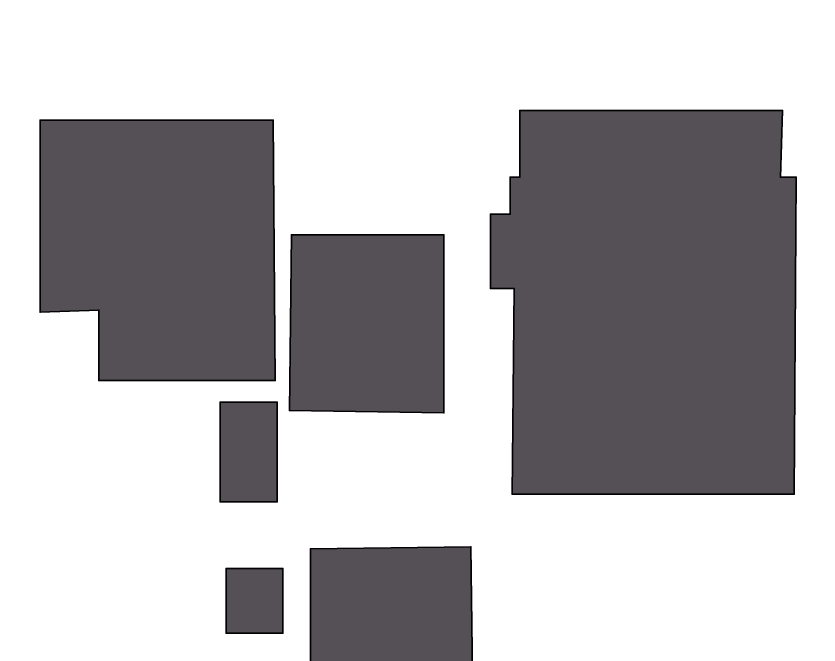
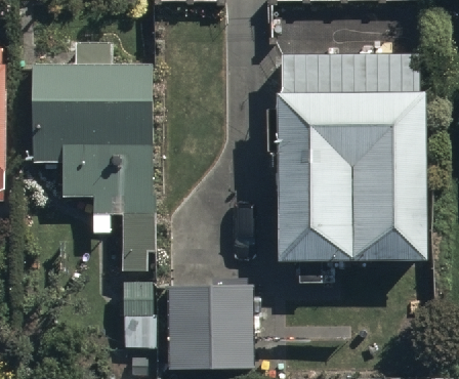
building: [290,235,444,413] -> none

